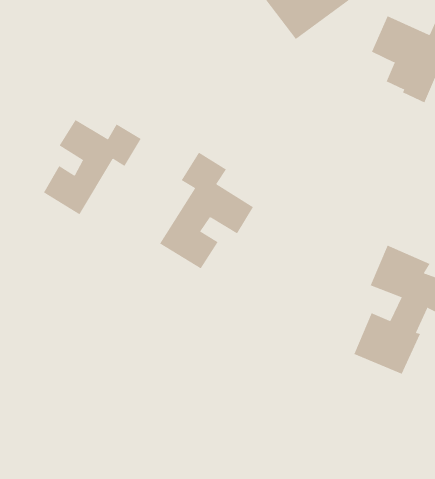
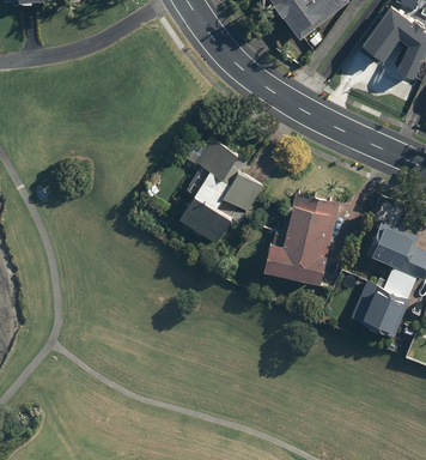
building: [43,119,141,215] -> none
building: none -> [263,192,339,284]

